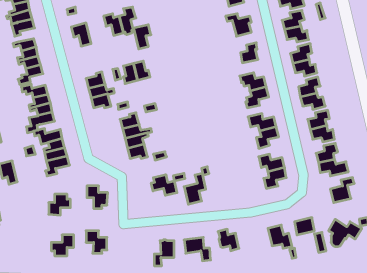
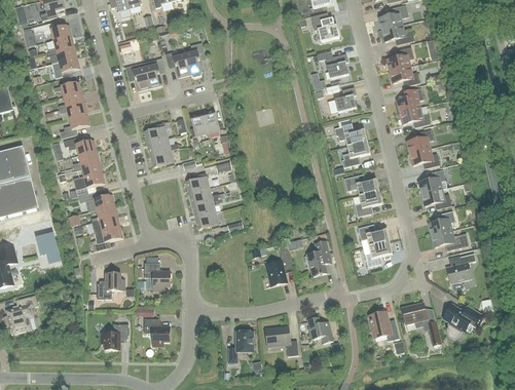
building: [134,25,151,49] -> [143,57,164,87]
building: none -> [305,240,330,276]
building: [151,175,177,195] -> none

